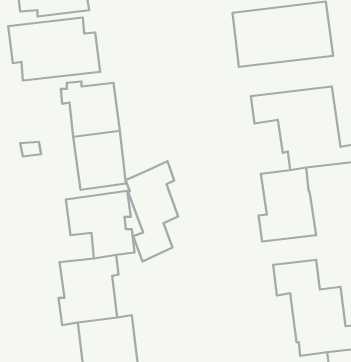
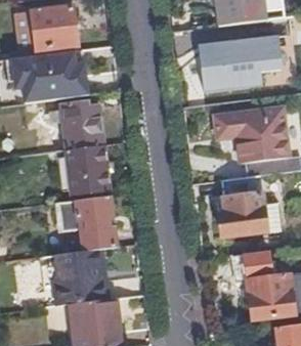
building: [125,161,178,261] -> none

